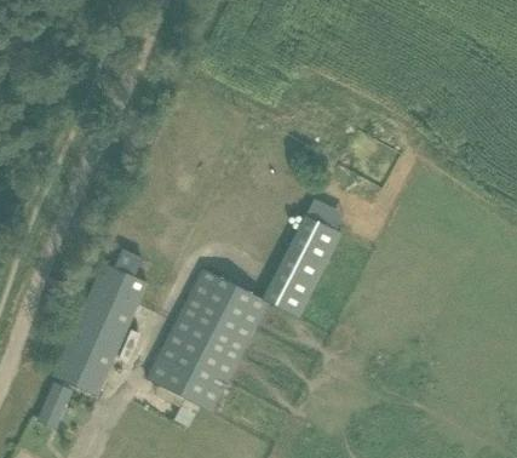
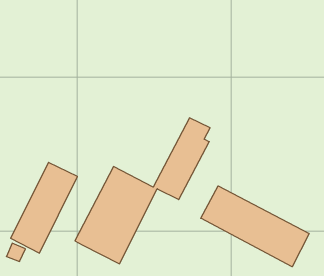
building: none -> [201,186,309,267]

